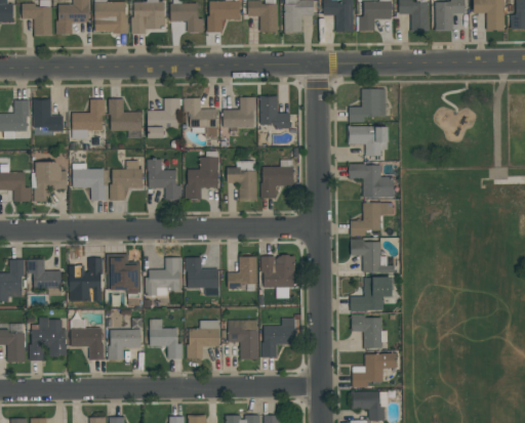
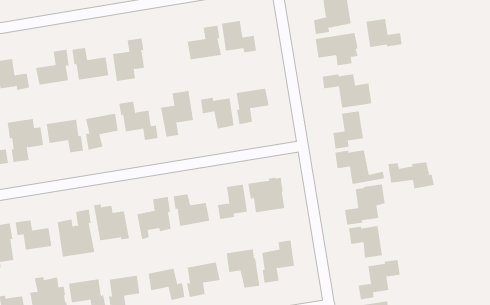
building: [185,97,217,136] -> none
building: none -> [366,18,402,48]
building: none -> [388,162,434,189]

